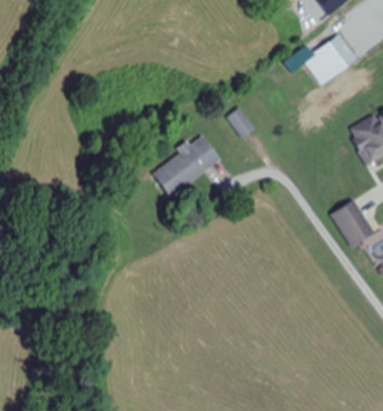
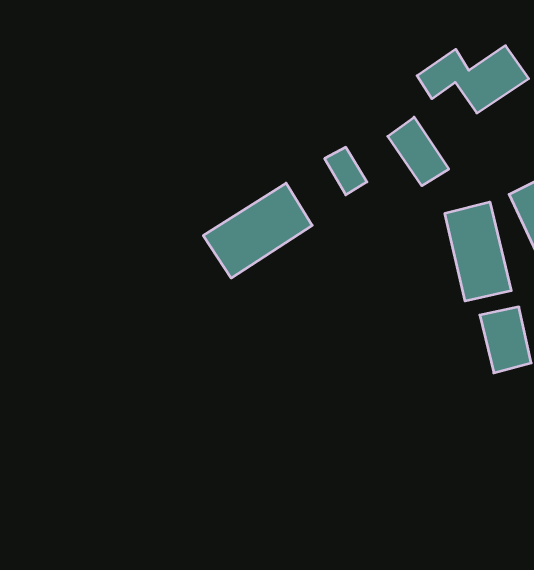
building: none -> [388,117,449,186]
building: none -> [445,202,511,301]

